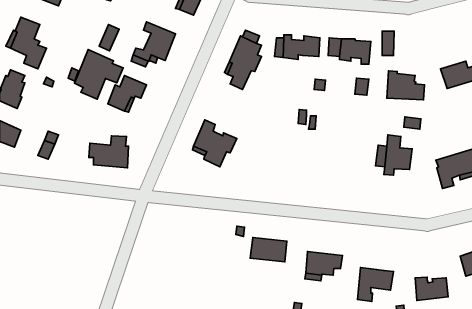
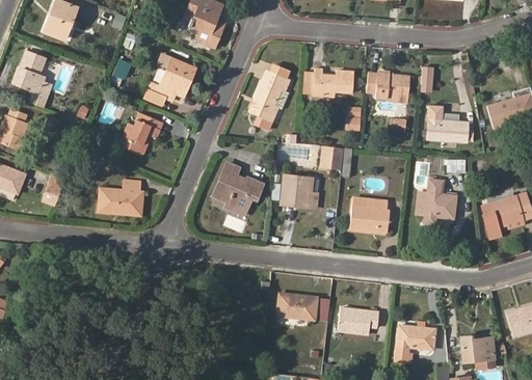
building: [74,49,123,99] -> none
building: none -> [281,173,317,207]
building: none -> [349,197,389,230]

